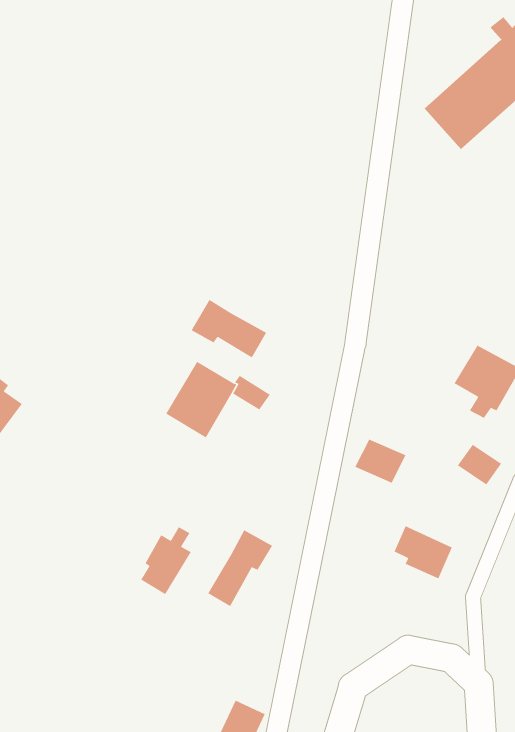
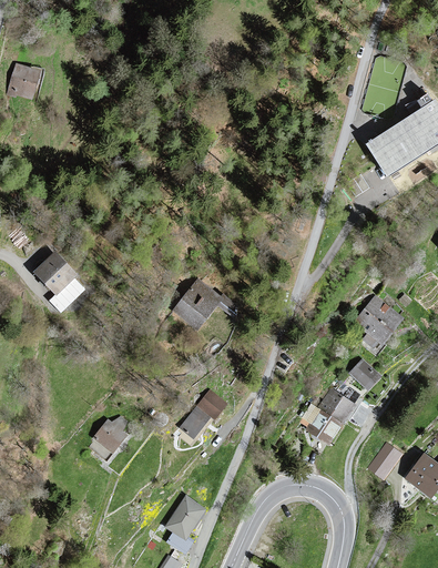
building: [190,299,267,358] -> none
building: [354,438,407,484] -> [319,389,354,420]
building: [140,526,192,595] -> [90,417,126,459]

